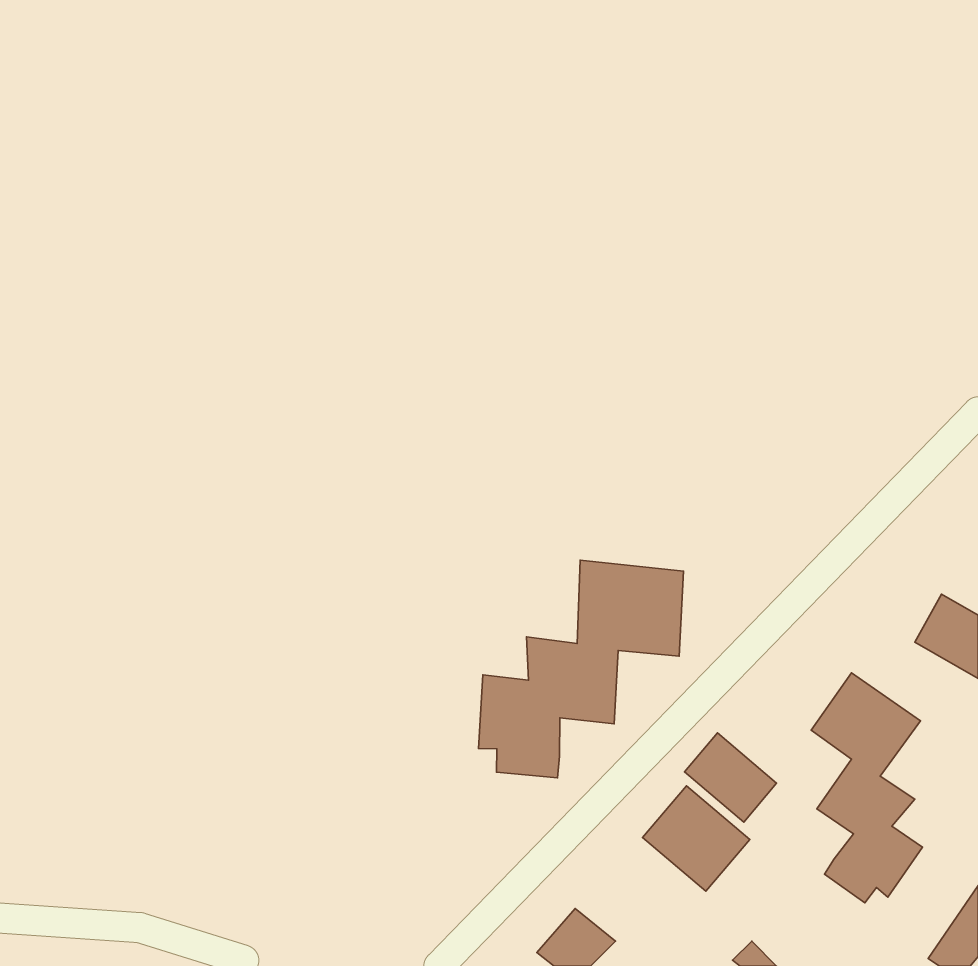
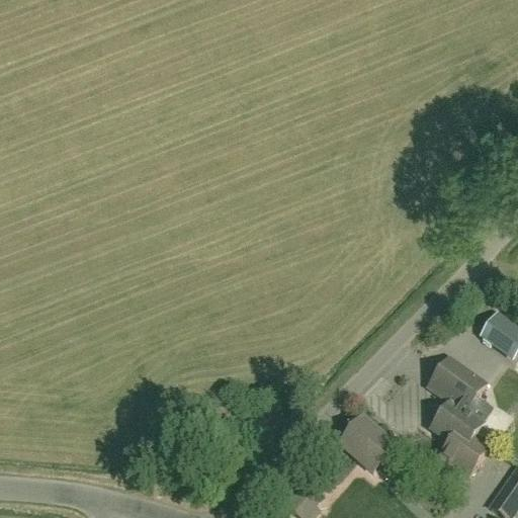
building: [479,560,683,778] -> none
building: [685,733,777,822] -> none

